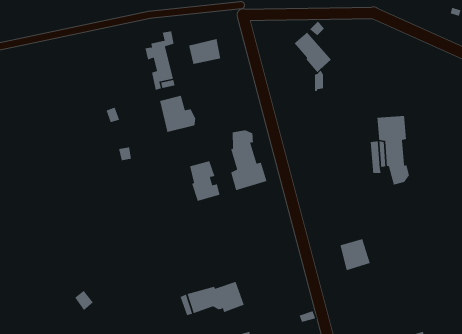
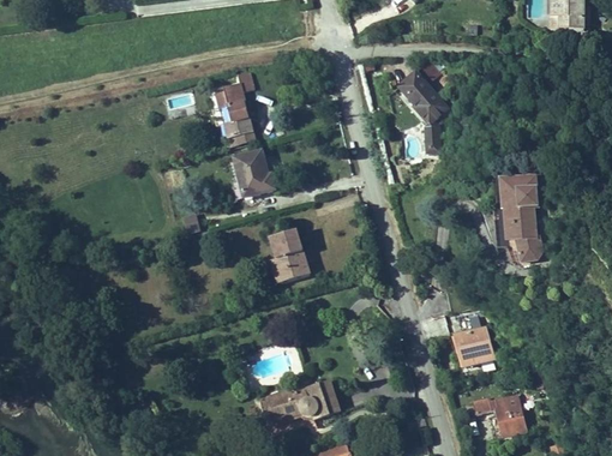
building: [188,38,221,65] -> none
building: [230,129,267,191] -> none
building: none -> [490,394,524,436]

